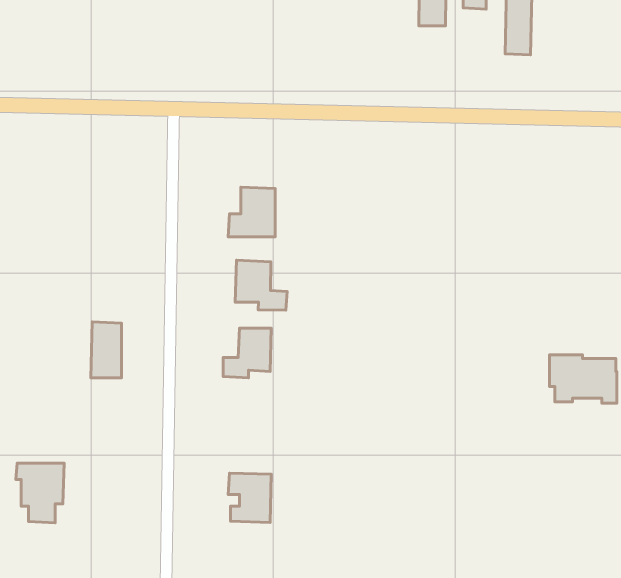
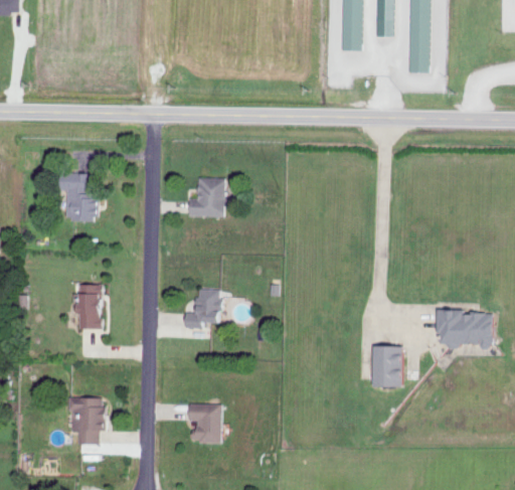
building: none -> [65,172,99,219]
building: [235,260,287,310] -> none
building: none -> [371,346,408,386]
building: [16,463,64,523] -> [66,397,105,445]

